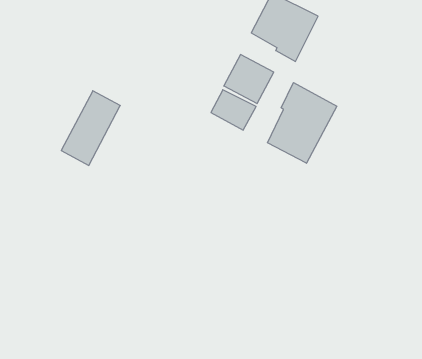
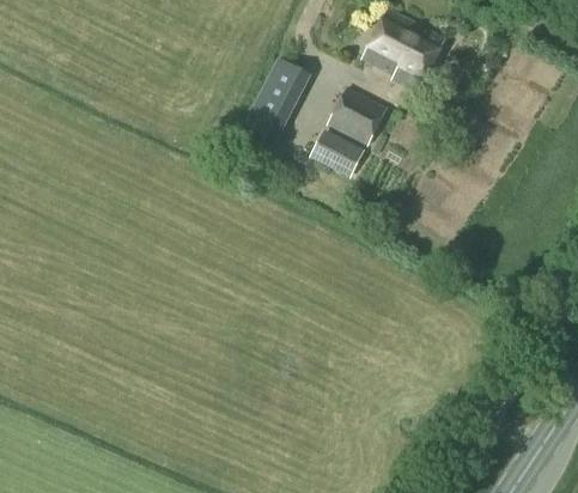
building: [267,83,337,163] -> none
building: [61,91,120,165] -> [241,56,312,147]

